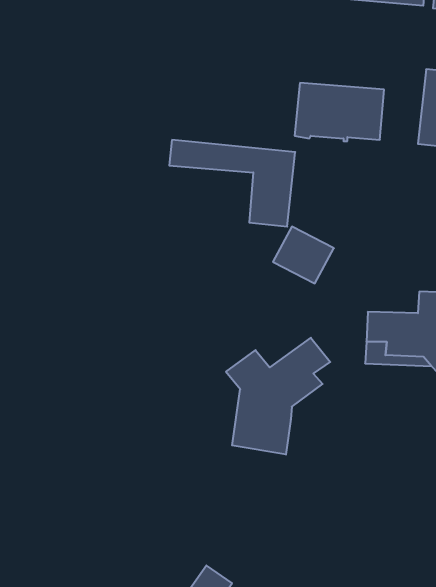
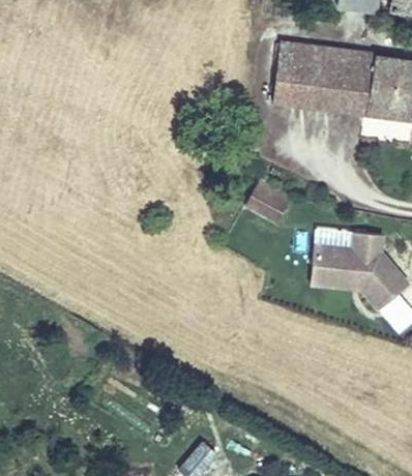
building: [169,140,295,227] -> [269,50,365,116]
building: [226,338,330,455] -> none

